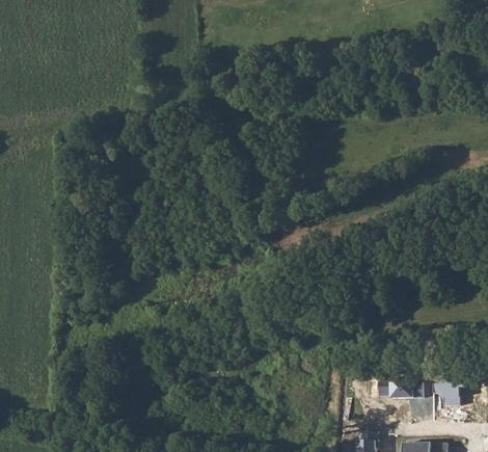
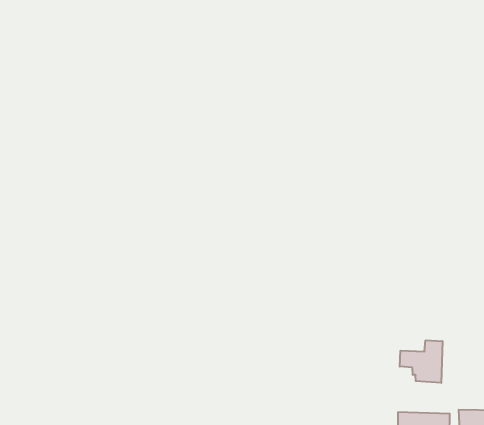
building: none -> [400,340,442,383]

